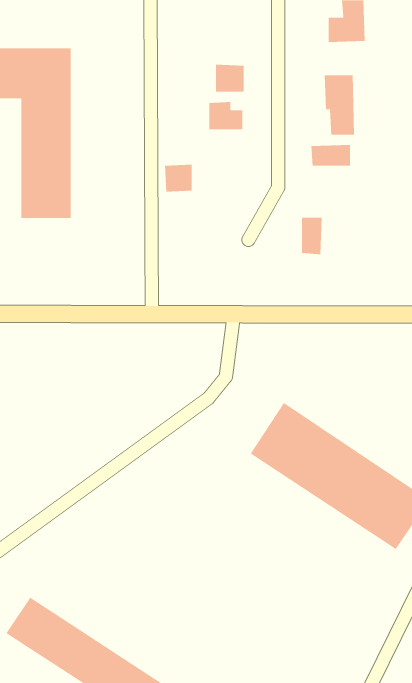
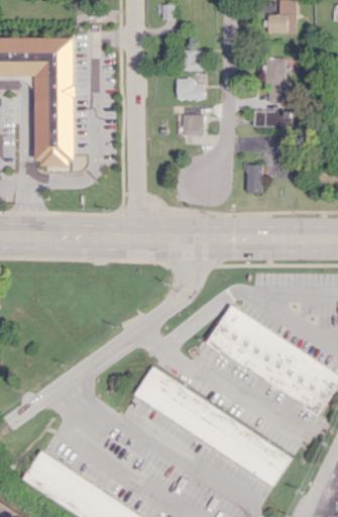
building: [164,164,192,192] -> [182,114,203,135]
building: none -> [135,367,291,485]

